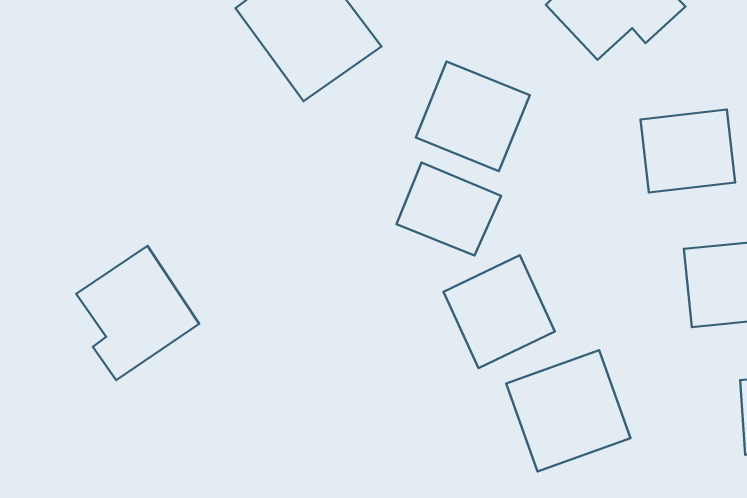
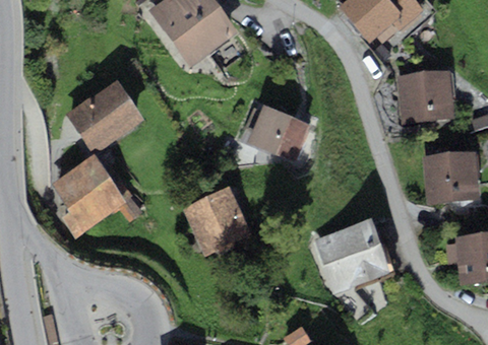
building: [416,62,530,171] -> none
building: none -> [66,79,143,153]
building: [443,255,555,368] -> [183,187,251,256]

